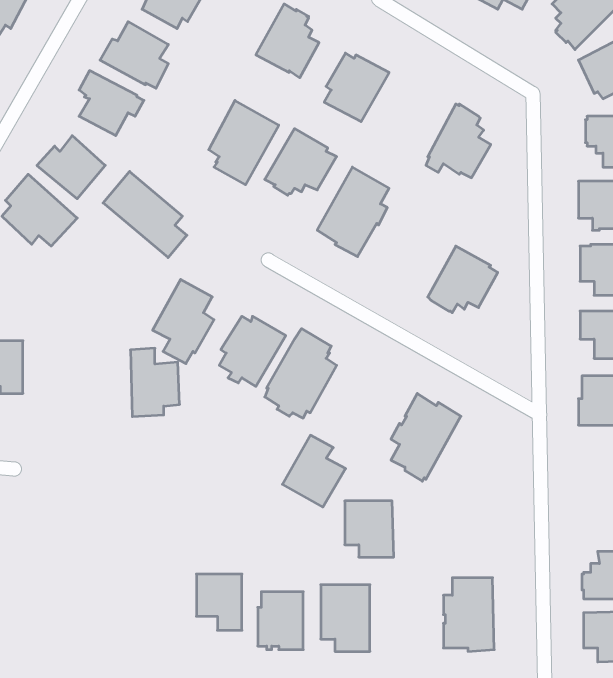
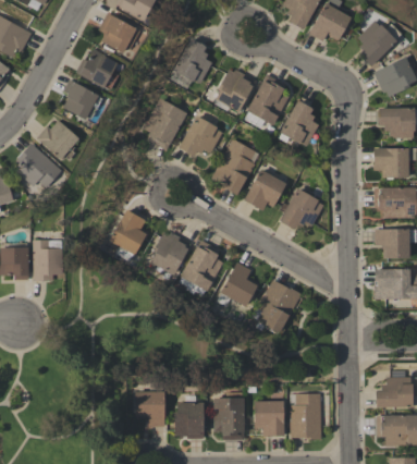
building: none -> [247,74,290,125]
building: [103,171,187,258] -> none
building: none -> [244,170,286,211]
building: [130,348,180,417] -> [33,240,63,282]
building: [282,435,346,507] -> [220,262,259,307]
building: [345,501,394,557] -> [254,402,284,437]

